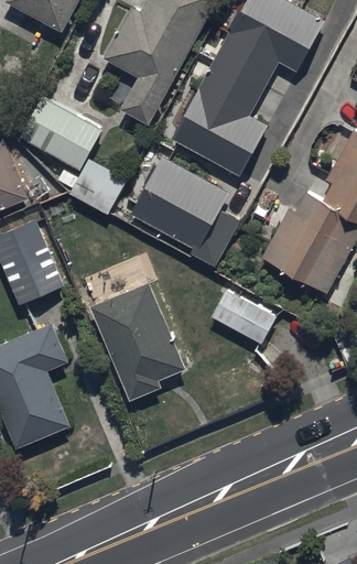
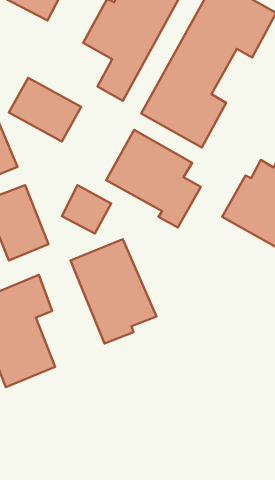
building: [71,158,127,213] -> [62,185,111,233]
building: [210,288,278,345] -> none

